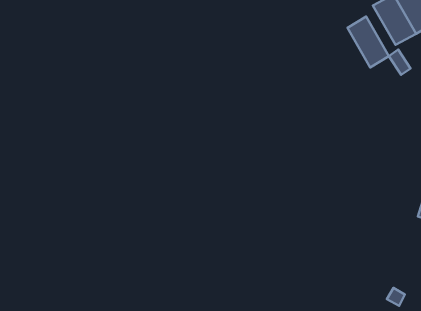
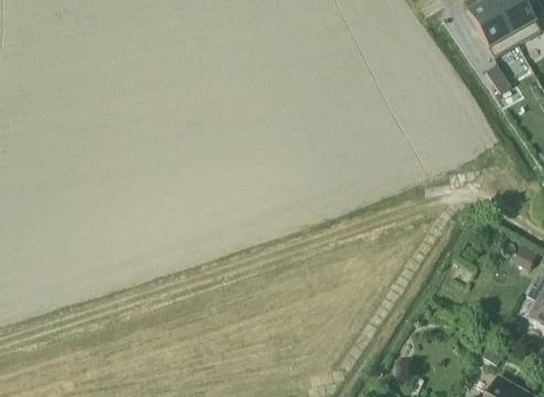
building: [348,17,389,67] -> none

